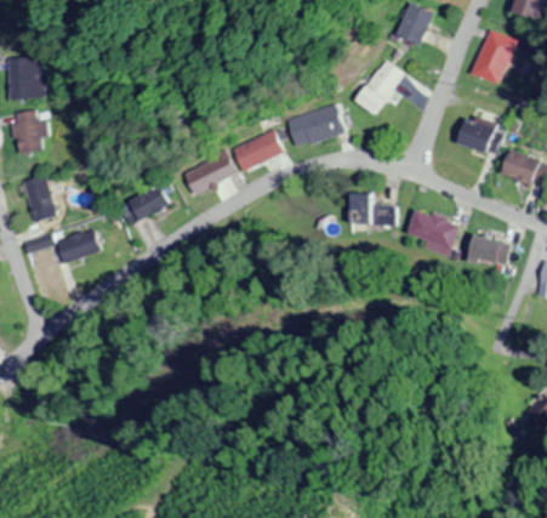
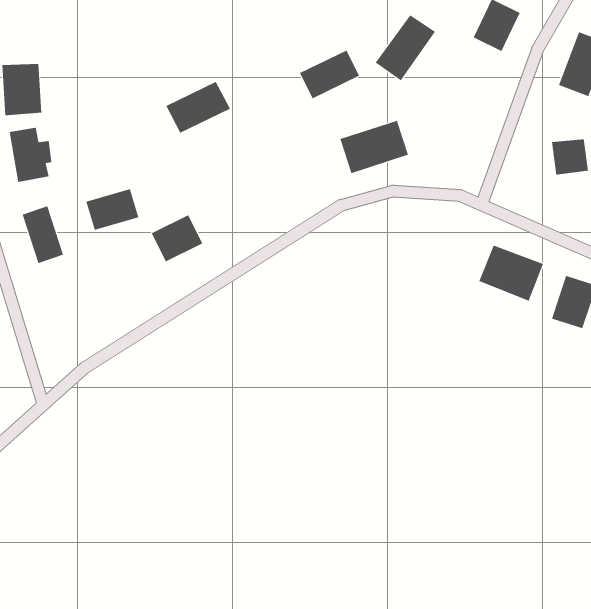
building: [357,59,408,115] -> [375,15,436,81]
building: [233,129,284,170] -> [299,50,360,99]
building: [182,152,237,195] -> [165,81,231,134]
building: [347,192,393,237] -> none
building: [57,228,102,263] -> [86,189,139,231]

